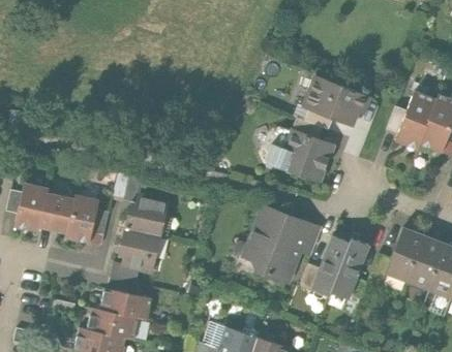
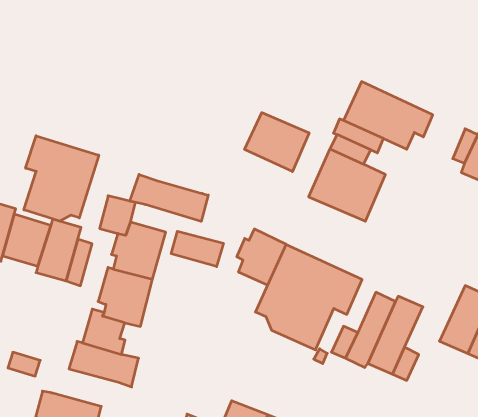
building: none -> [245,113,309,172]
building: none -> [24,136,99,221]
building: none -> [130,174,208,221]
building: none -> [237,229,286,285]
building: none -> [171,231,223,267]
building: [85,309,137,340] -> none

